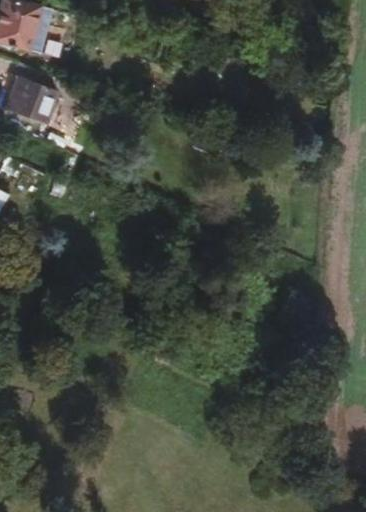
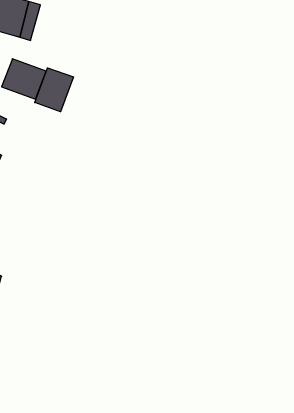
building: none -> [35,68,73,112]

